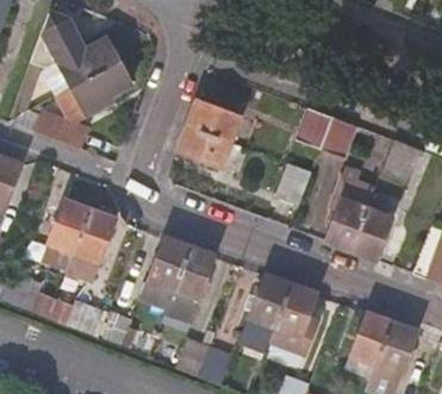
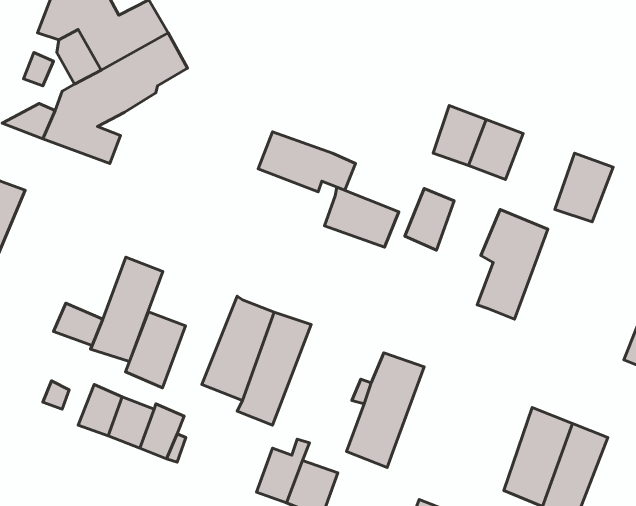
building: [189,99,239,139] -> [325,187,399,247]
building: [50,200,91,251] -> [125,312,185,388]
building: [353,209,393,261] -> none
building: [272,283,316,349] -> none

